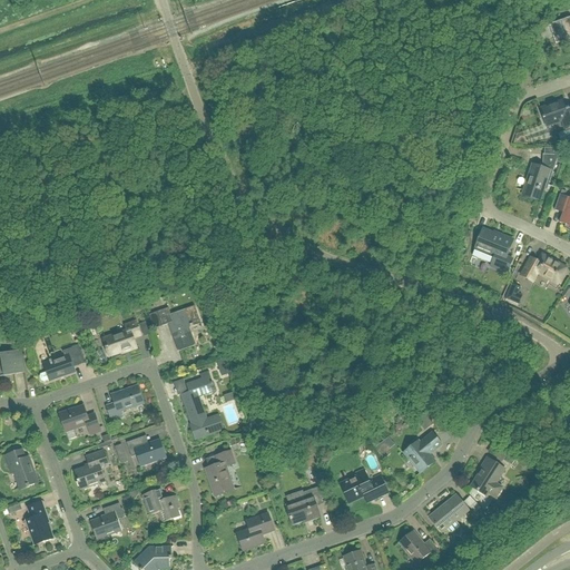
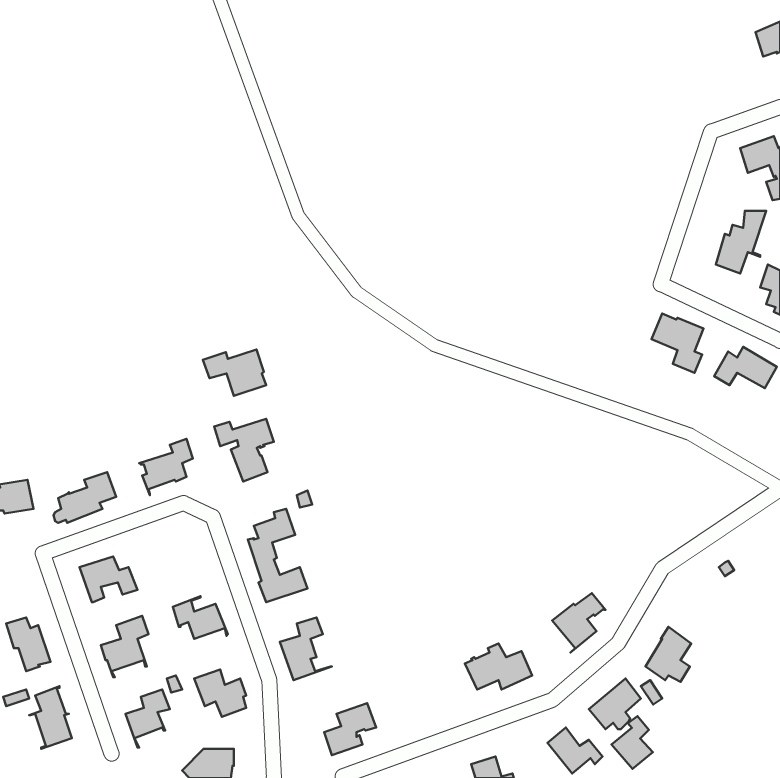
building: none -> [203,350,266,396]
building: [106,384,144,420] -> none
building: [286,487,323,523] -> none
building: none -> [612,716,653,769]

